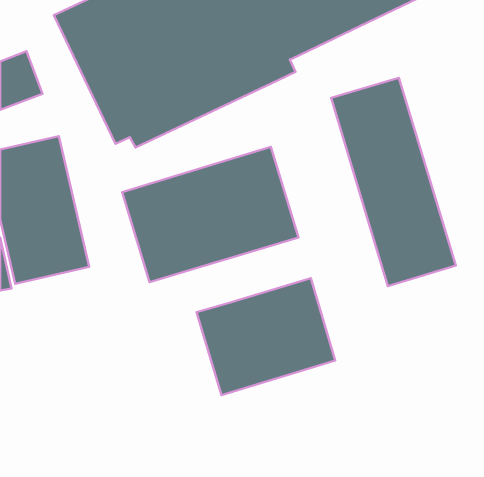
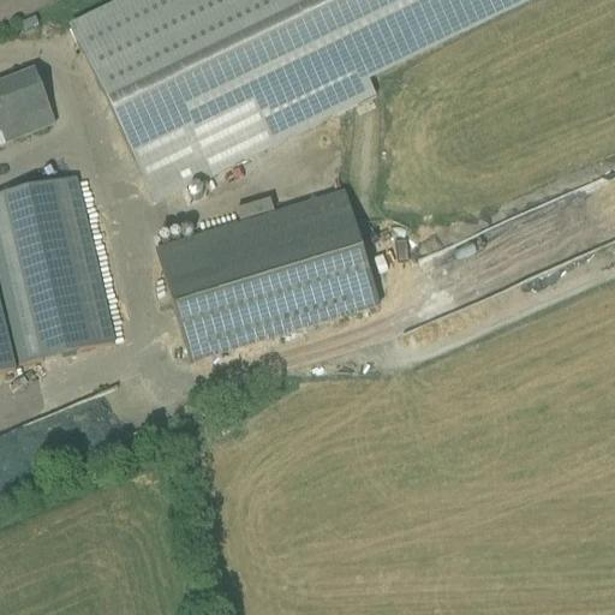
building: [331,78,456,286] -> none
building: [196,278,335,395] -> none

